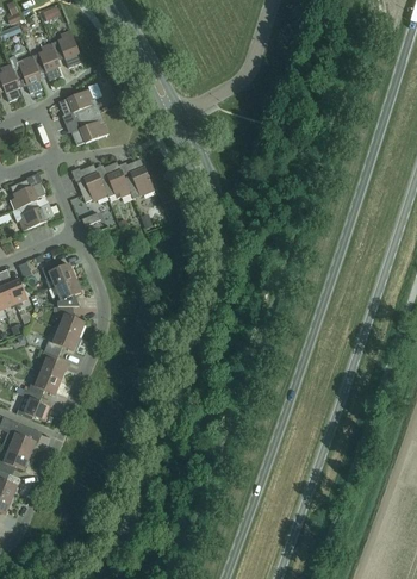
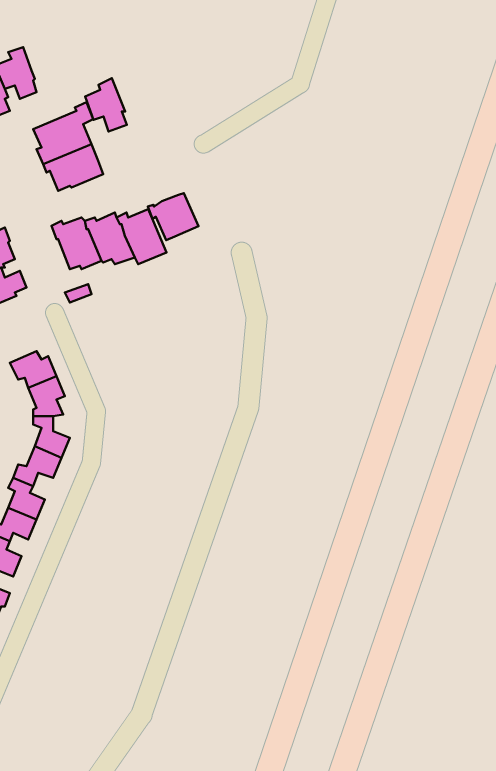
building: [51,30,81,68] -> [85,78,127,131]
building: none -> [148,193,198,240]

